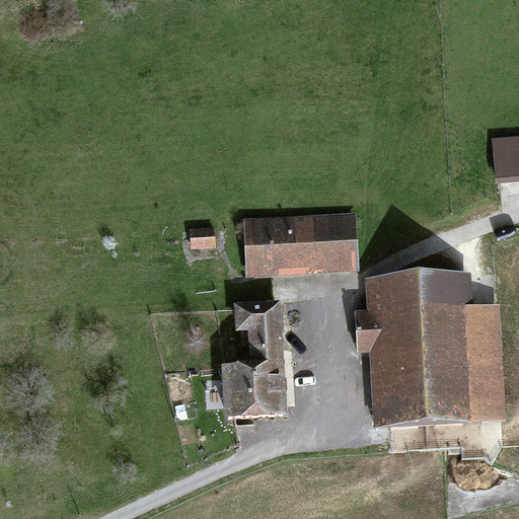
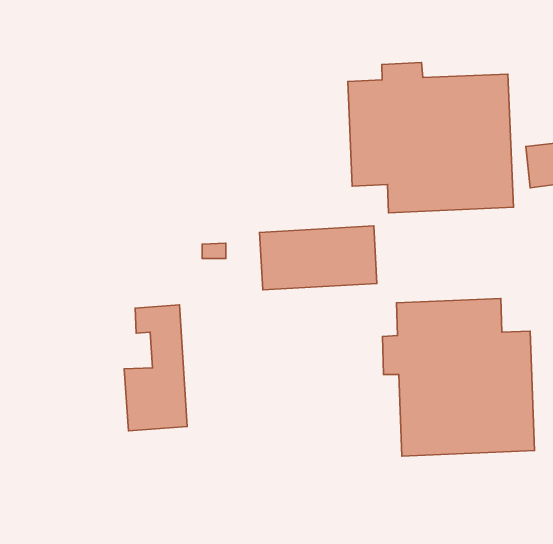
building: none -> [348,62,513,213]
building: [227,304,286,422] -> [124,305,187,431]

